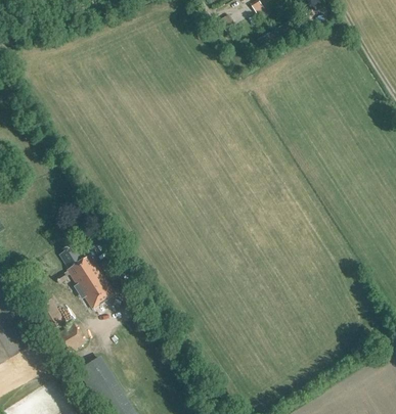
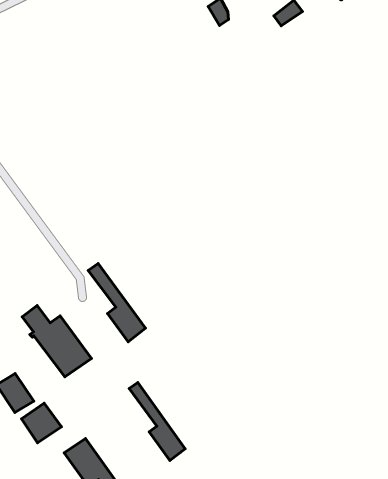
building: none -> [88,263,146,342]
building: none -> [129,383,185,461]

